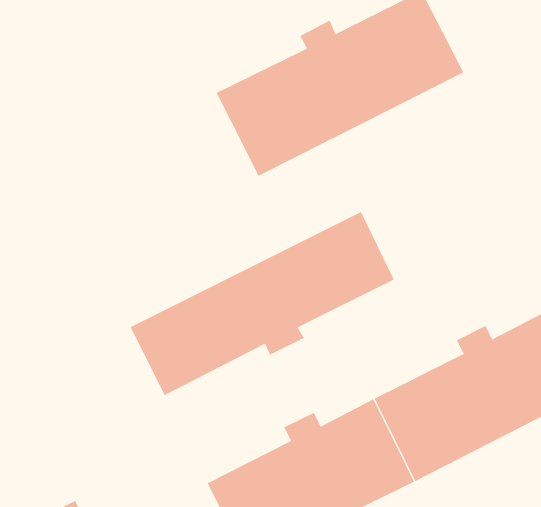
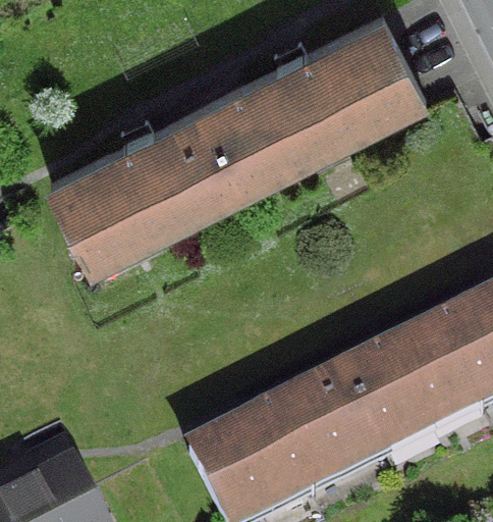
building: none -> [51,110,237,259]
building: [130,211,395,396] -> none

